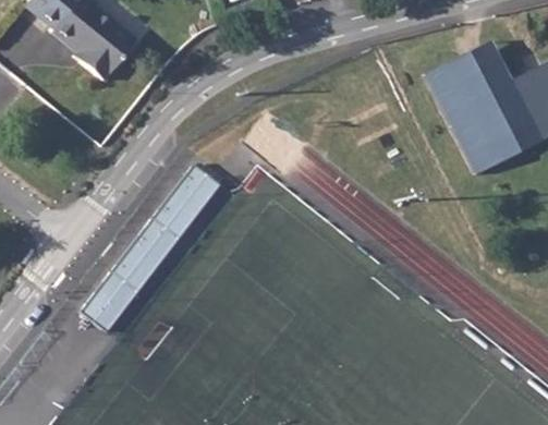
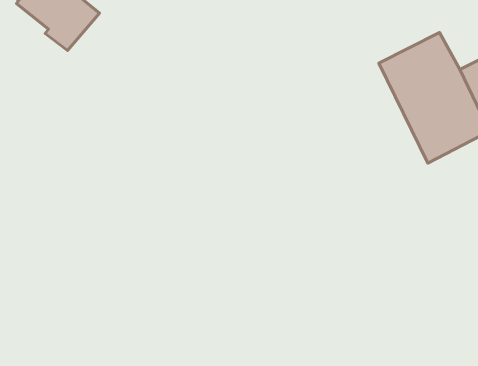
building: [84,159,224,327] -> none

